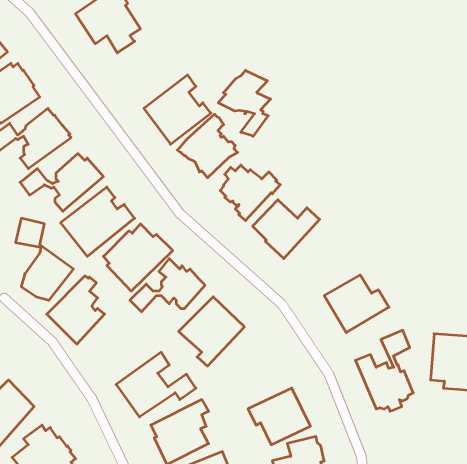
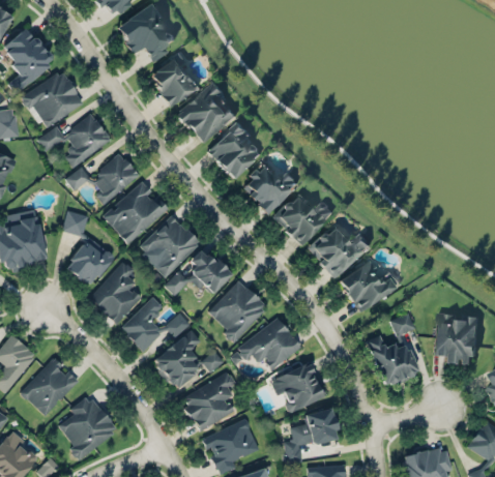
building: none -> [151,52,200,105]
building: [218,70,271,136] -> none
building: none -> [309,223,374,277]
building: none -> [121,297,190,350]
building: none -> [238,317,302,369]

